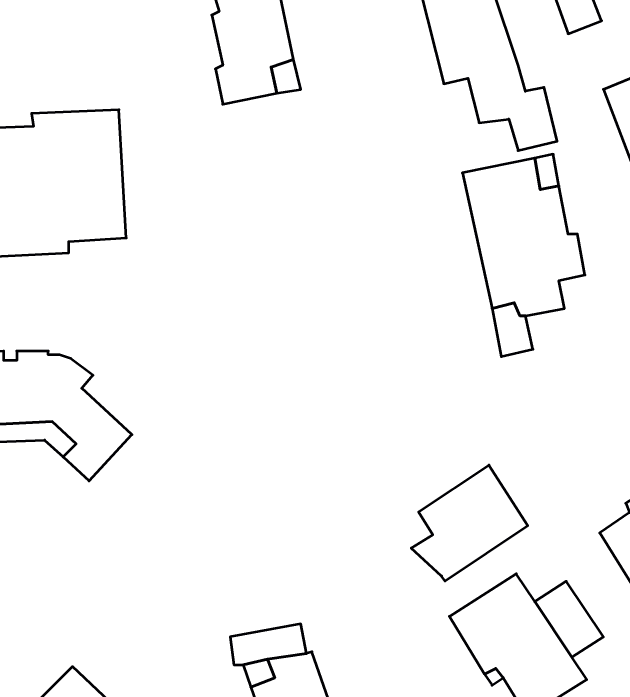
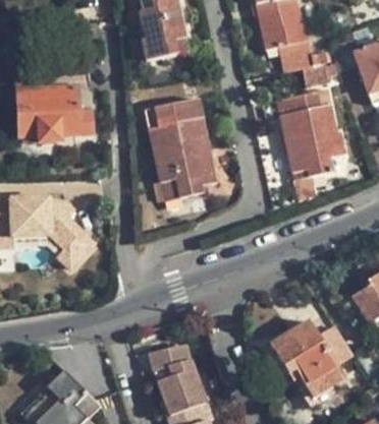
building: none -> [145,103,215,202]
building: [411,465,528,581] -> none

